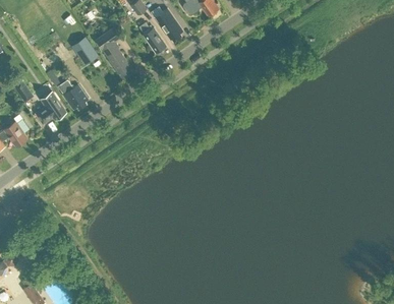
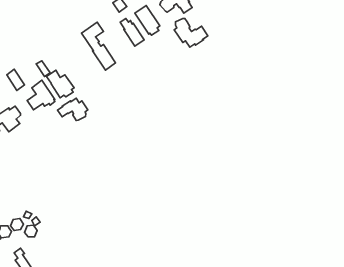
building: none -> [174,18,208,47]
building: [73,38,100,65] -> none
building: none -> [58,98,88,121]

